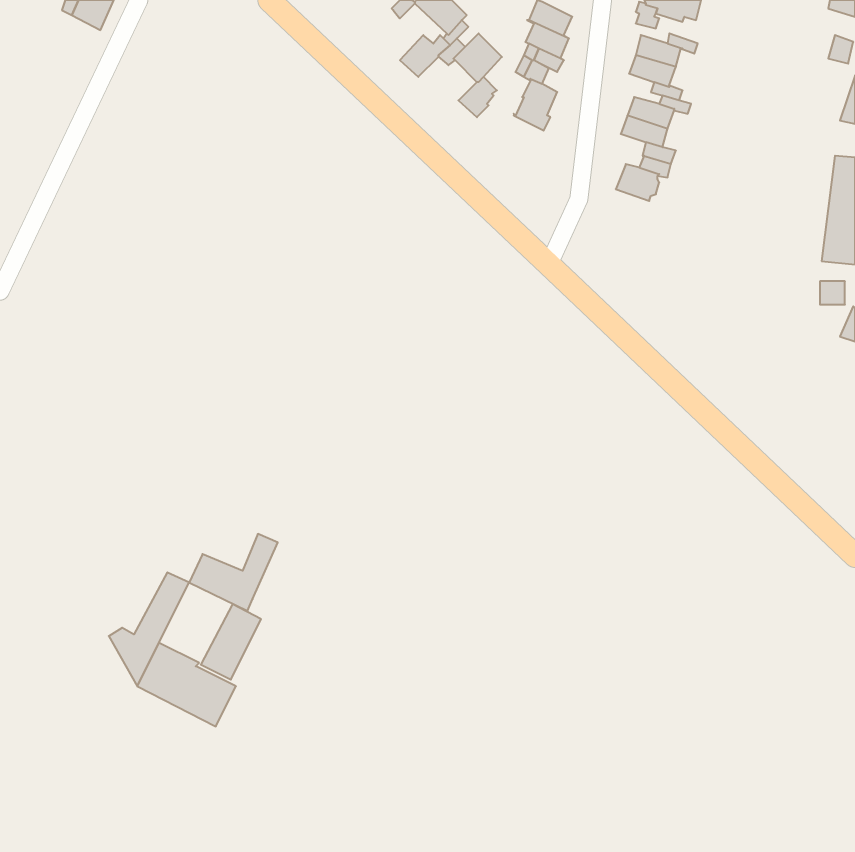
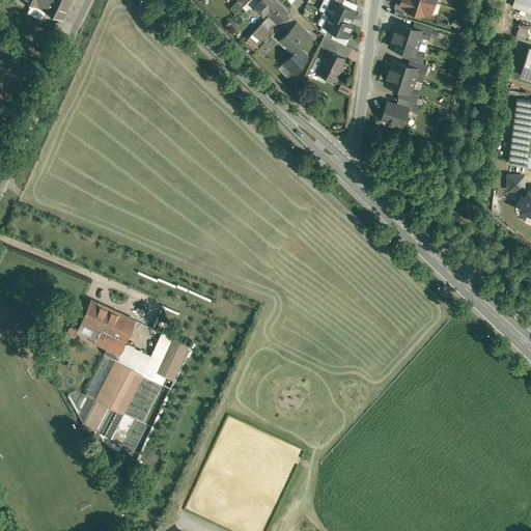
building: none -> [78,302,136,356]
building: none -> [157,338,190,382]
building: none -> [99,363,144,414]

